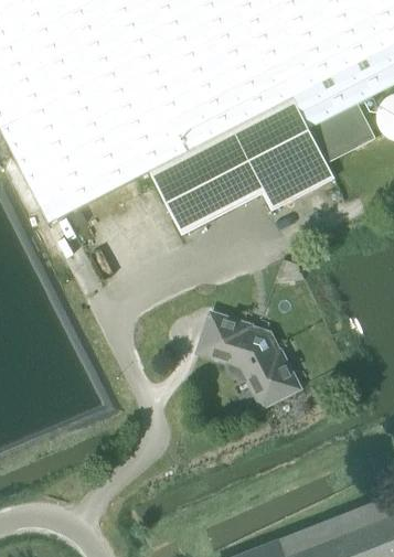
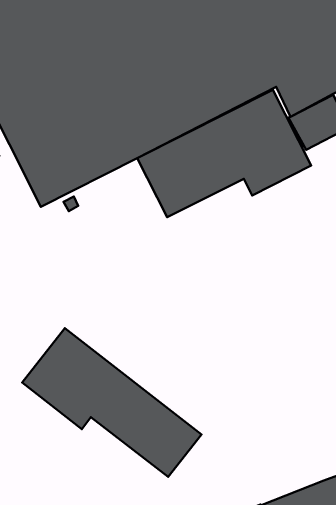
building: [199,314,289,399] -> none
building: none -> [22,328,201,477]

